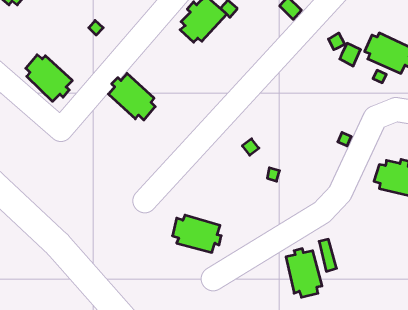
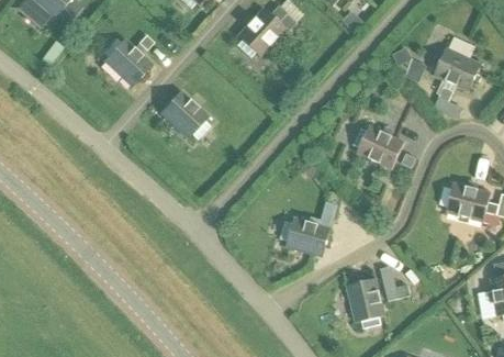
building: [26,55,72,101] -> [102,36,152,86]
building: none -> [352,124,404,167]
building: [172,215,221,252] -> [281,215,333,255]

